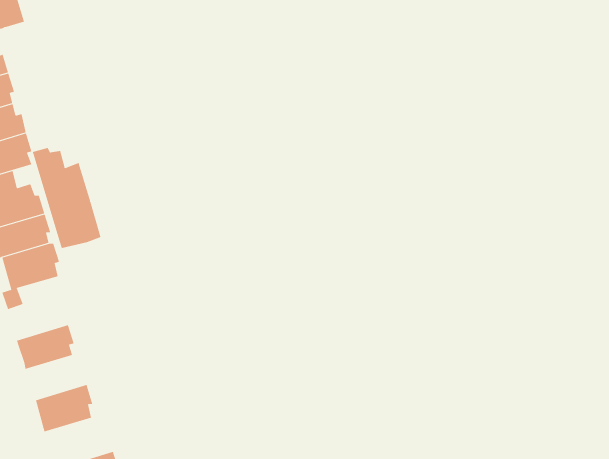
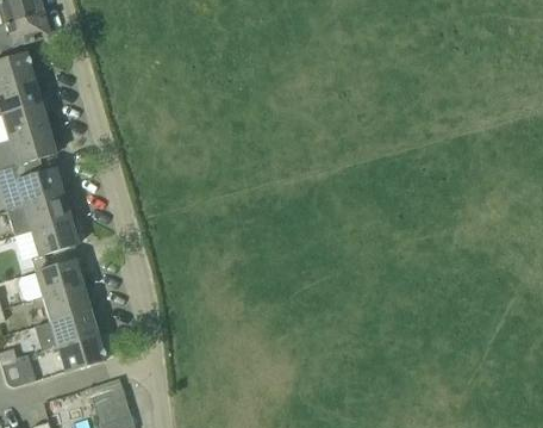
building: [32,147,101,249] -> none
building: none -> [35,260,85,297]
building: none -> [36,309,100,349]

